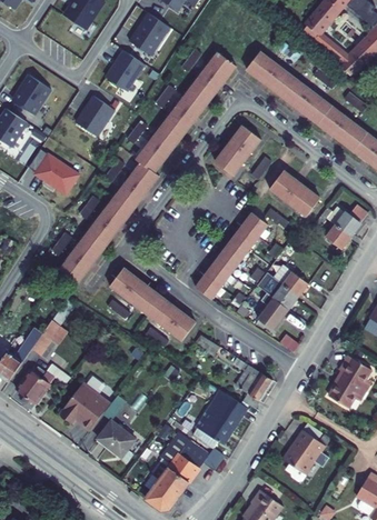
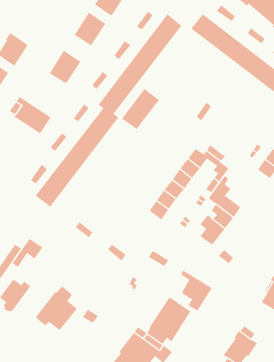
building: [214,124,260,174] -> [121,88,160,130]
building: [268,170,319,217] -> none
building: [109,268,194,340] -> none
building: [97,420,135,459] -> none

